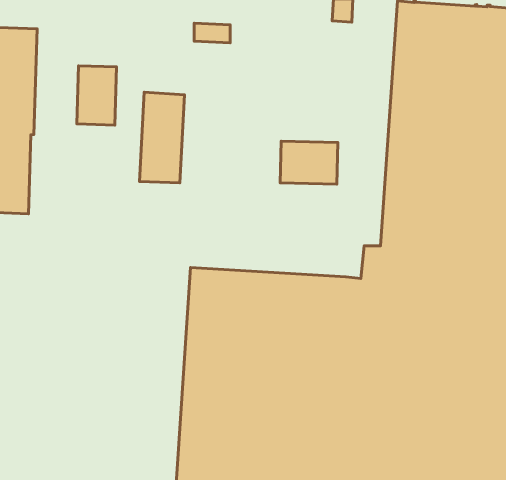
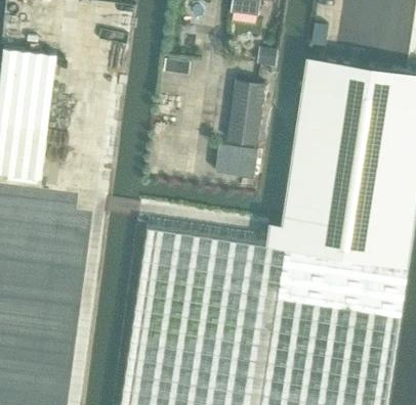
building: [77,66,116,125] -> none
building: [139,92,184,183] -> [227,81,263,145]

